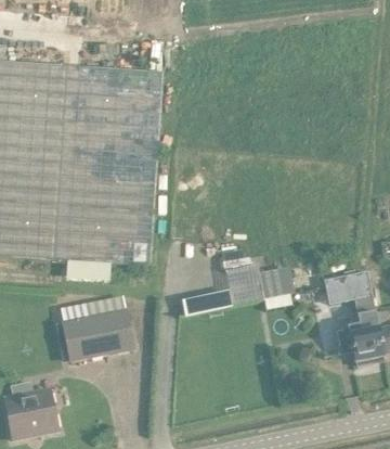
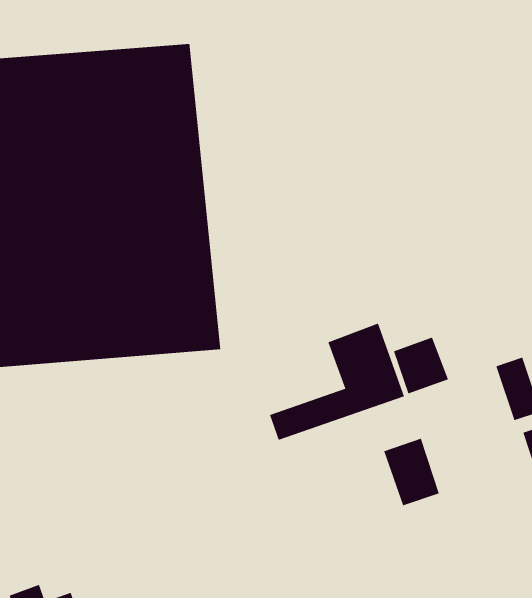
building: [58,310,132,362] -> none
building: none -> [383,438,439,506]

